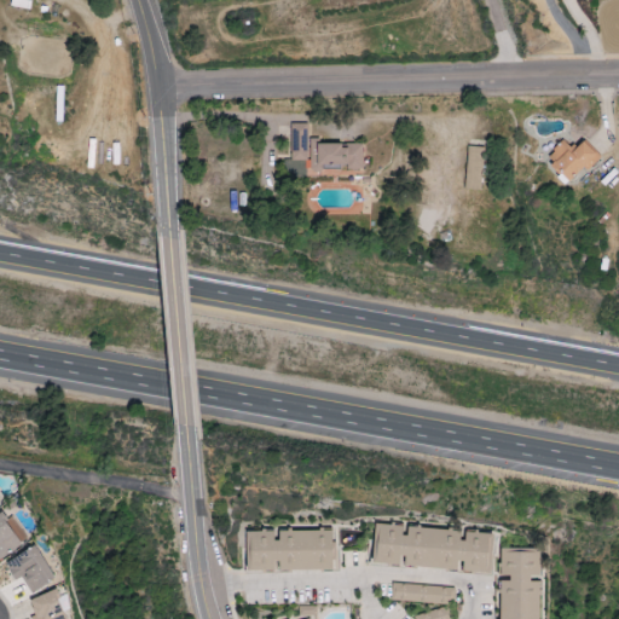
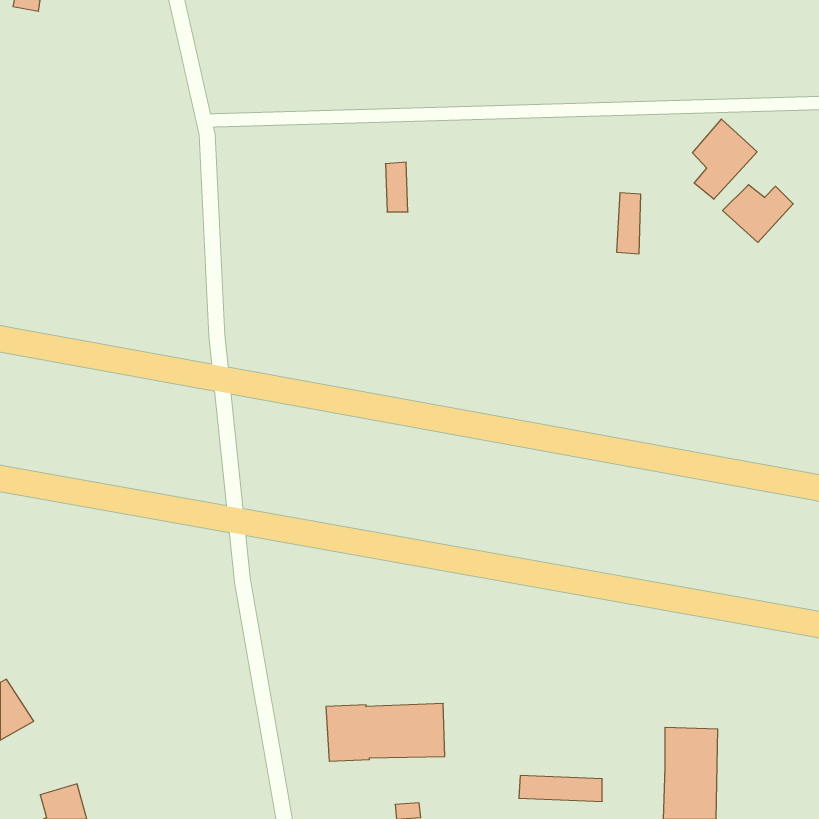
building: none -> [693,119,757,199]
building: [311,141,364,169] -> none
building: [374,523,496,573] -> none
building: [6,545,56,592] -> none

